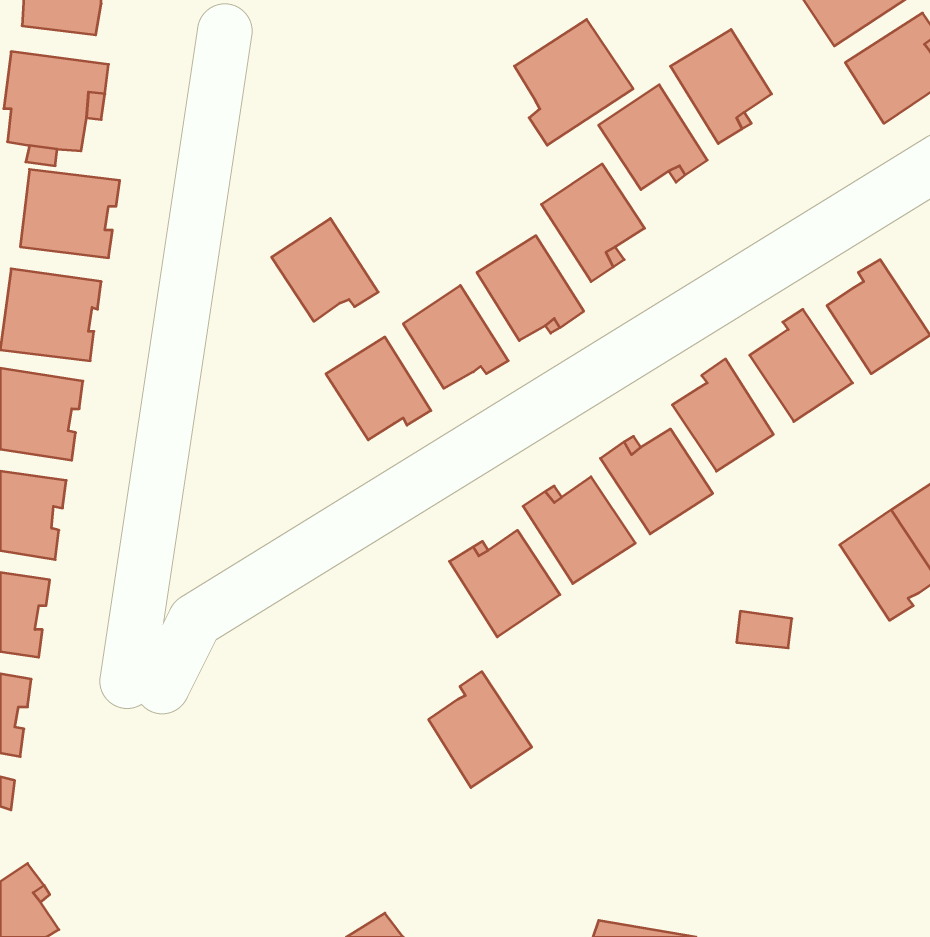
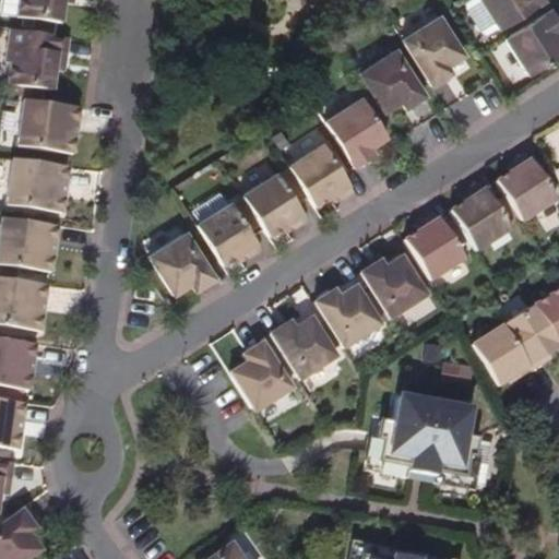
building: [514,19,633,145] -> none
building: [272,218,378,321] -> [156,228,219,289]
building: none -> [473,323,534,384]
building: none -> [376,395,479,479]
building: [429,672,532,788] -> [233,340,294,408]

